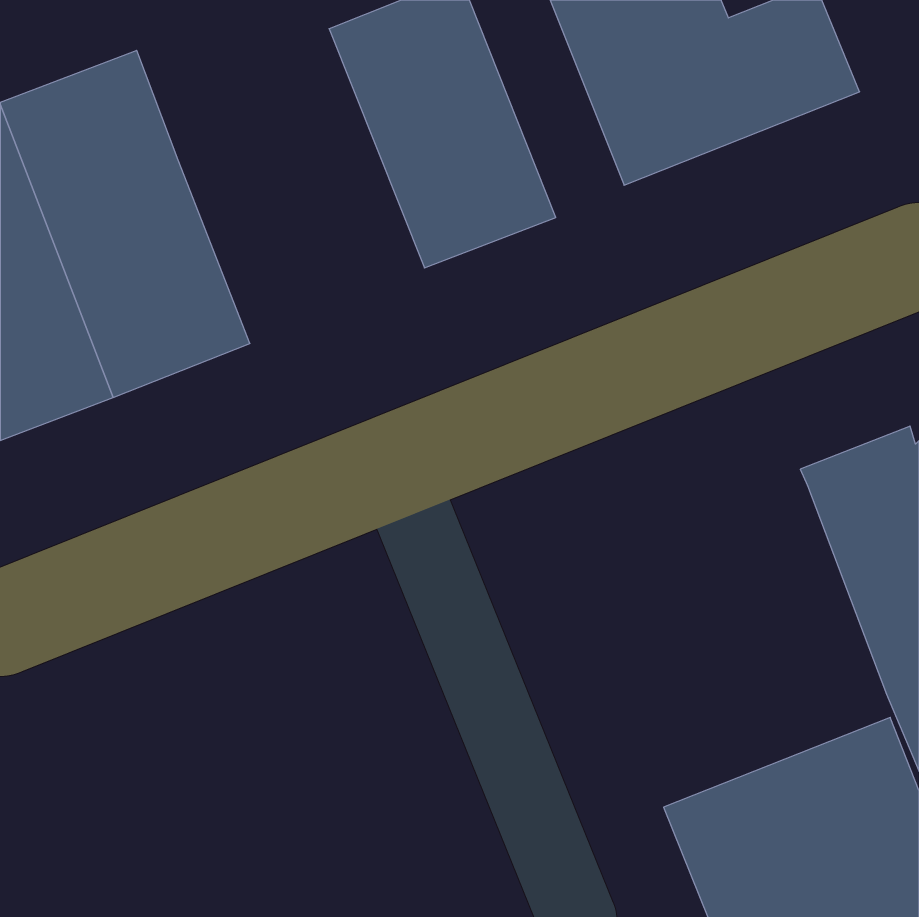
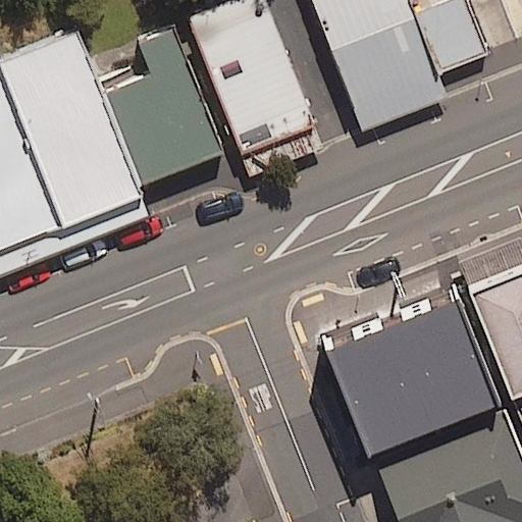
building: none -> [101,28,223,186]
building: none -> [325,299,501,458]

